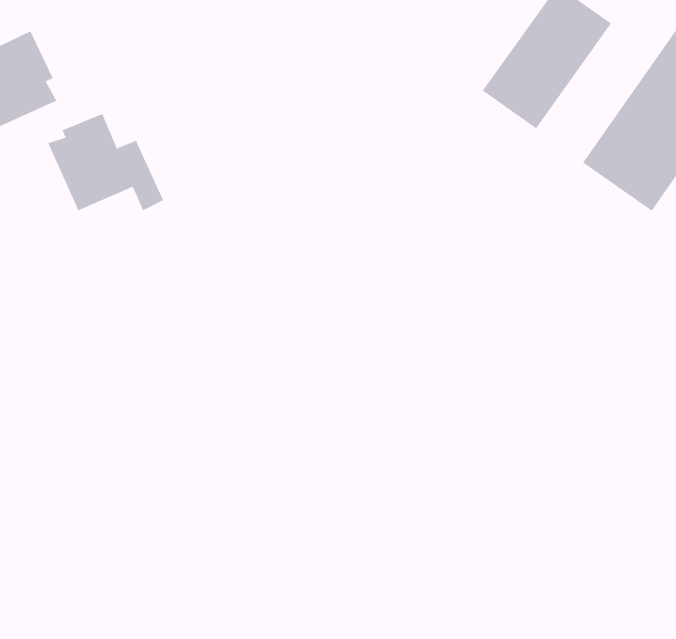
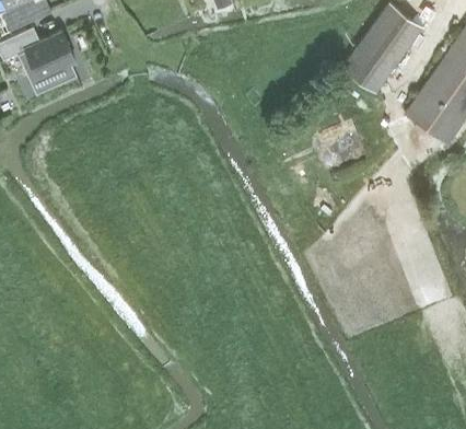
building: [48,113,164,211] -> none

